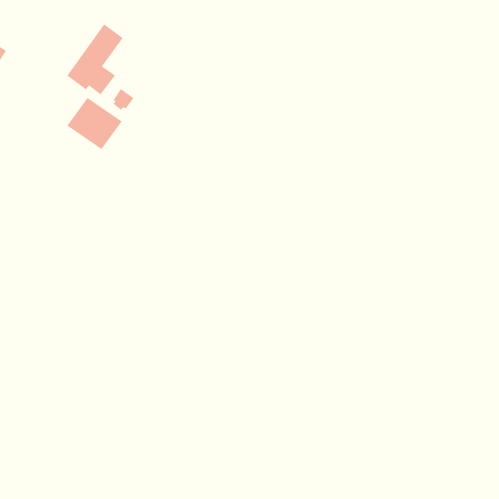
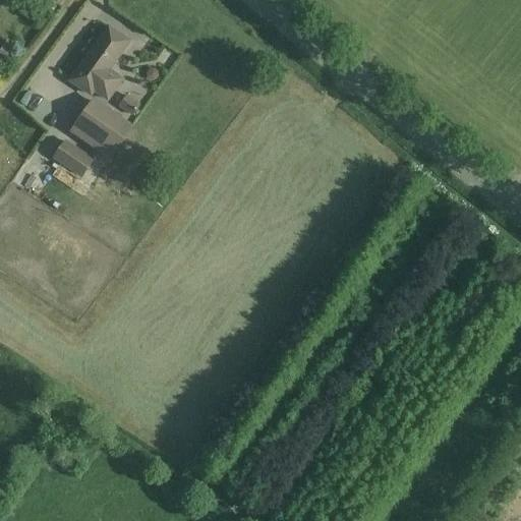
building: none -> [51,137,93,176]

